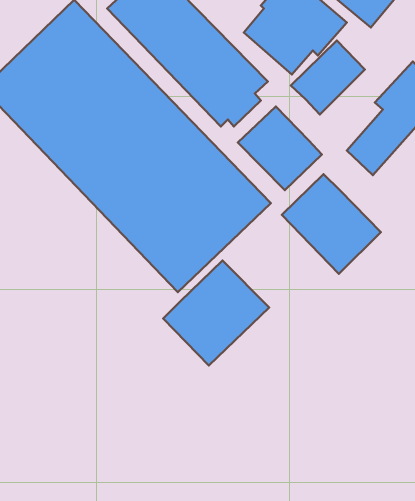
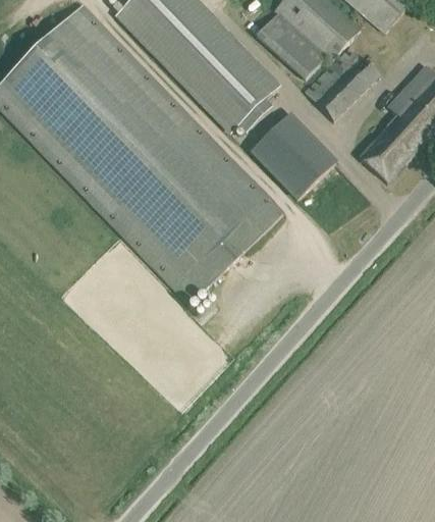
building: [282,174,381,274] -> none
building: [163,260,269,365] -> none

